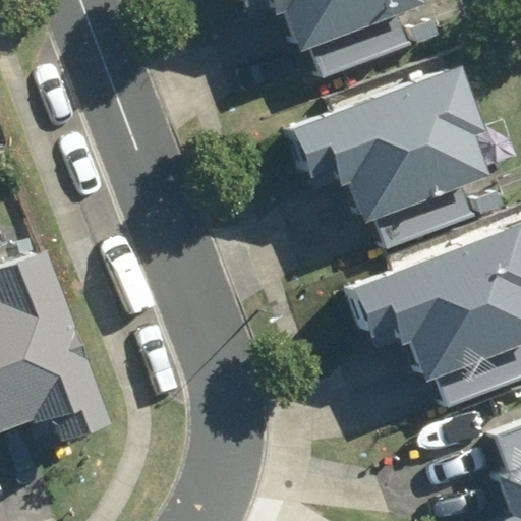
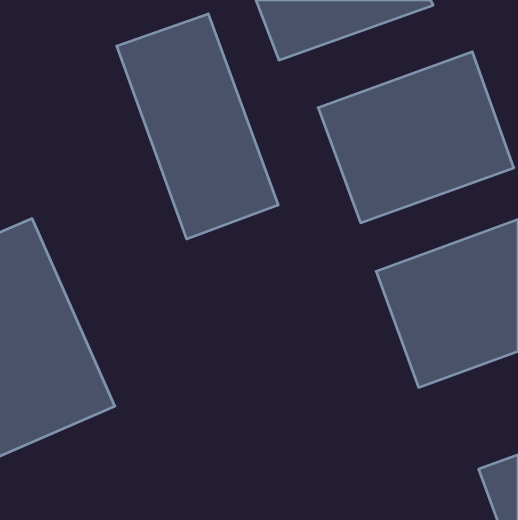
building: none -> [117,14,278,239]

